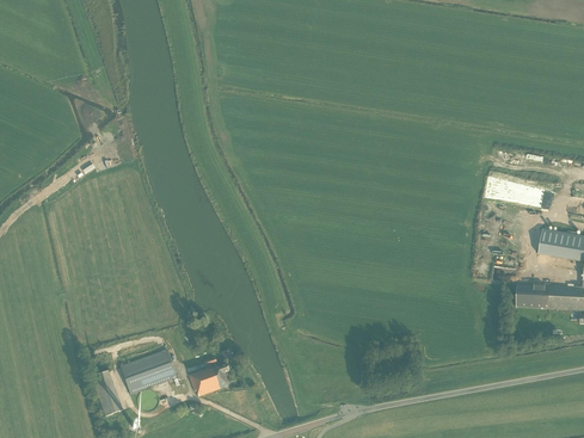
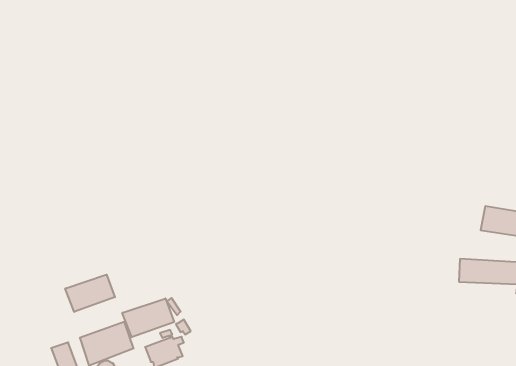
building: none -> [65,275,115,312]
building: none -> [122,298,174,337]

